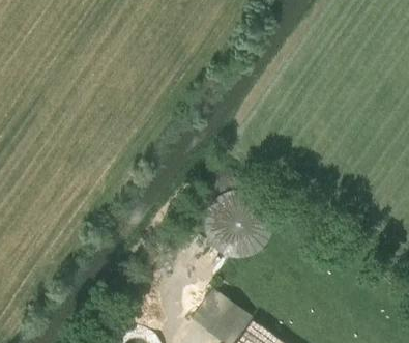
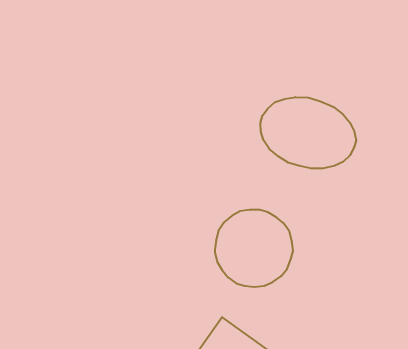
building: none -> [260,97,356,169]

